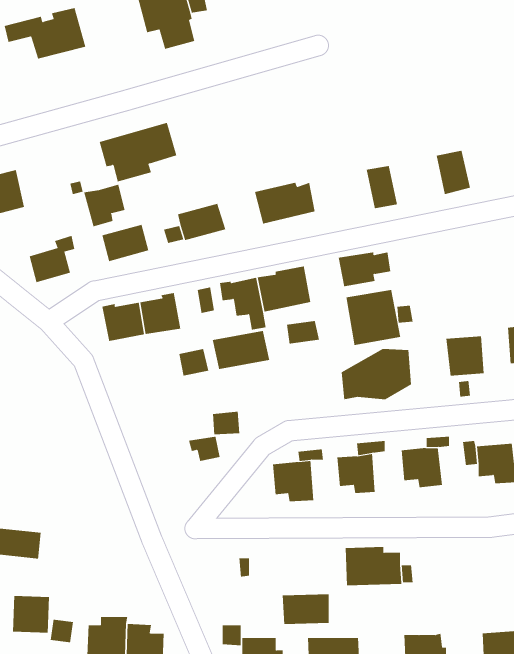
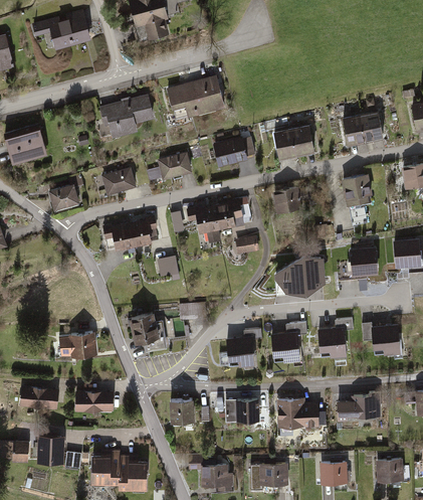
building: none -> [166,76,223,119]
building: none -> [361,110,384,141]
building: none -> [272,128,297,160]
building: [83,184,125,227] -> none
building: none -> [341,174,372,207]
building: [346,289,401,346] -> none
building: [212,330,270,370] -> none
building: none -> [129,316,165,345]
building: none -> [59,332,97,357]
building: none -> [74,391,114,411]
building: none -> [337,392,380,422]
building: none -> [168,400,193,423]
building: [282,594,329,624] -> [224,400,258,423]

